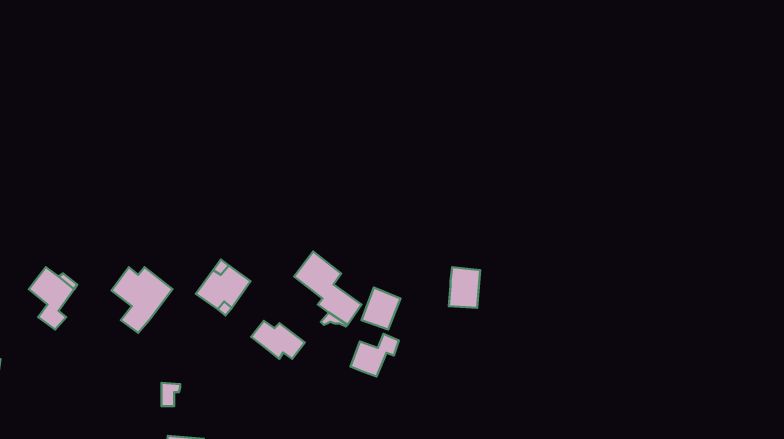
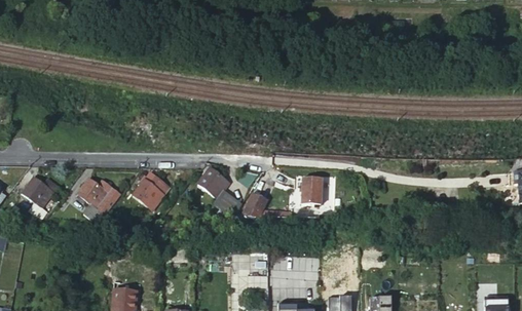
building: [251,321,305,359] -> none
building: [350,334,399,376] -> none

